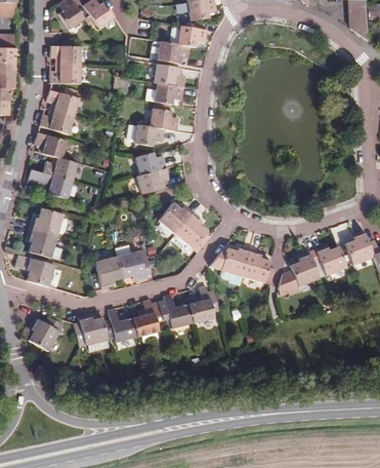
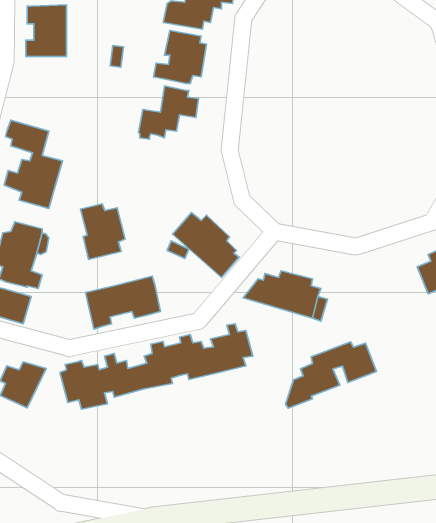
building: [39,87,79,133] -> none
building: [135,152,169,194] -> [80,204,125,260]
building: [279,243,347,294] -> [285,342,376,408]

